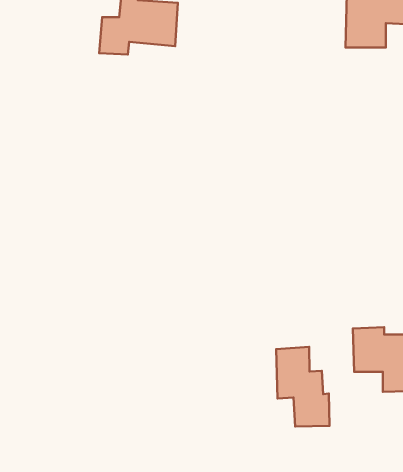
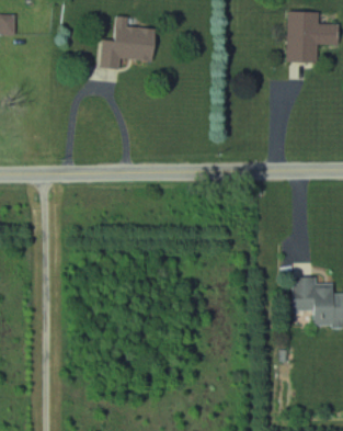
building: [276,347,329,427] -> none

